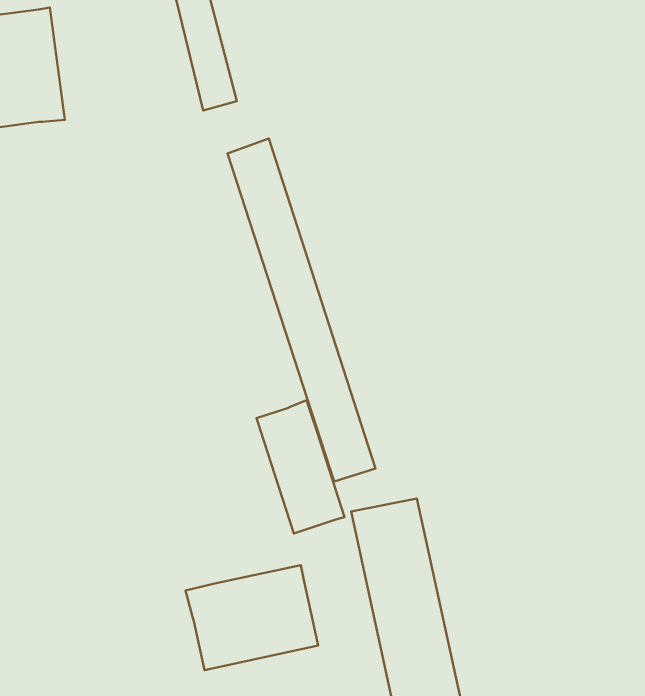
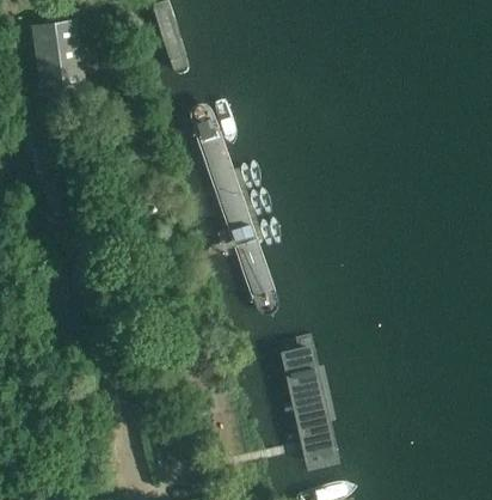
building: [256,400,345,533] -> none
building: [186,565,318,670] -> none

